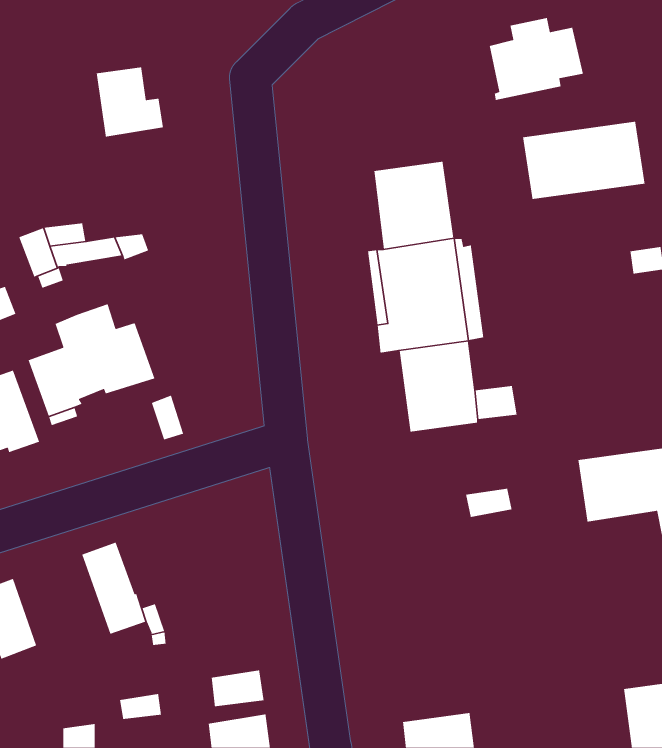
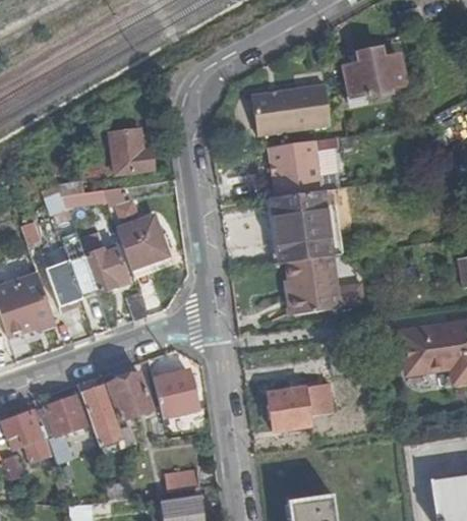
building: [96,66,164,137] -> [110,128,154,174]
building: [522,121,645,200] -> [251,83,331,134]
building: none -> [117,214,168,268]
building: none -> [153,369,197,424]
building: none -> [108,371,153,420]
building: none -> [268,383,332,429]
building: none -> [38,394,89,462]

